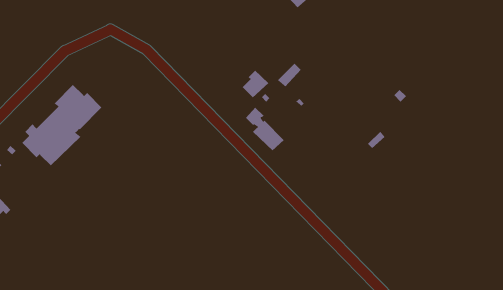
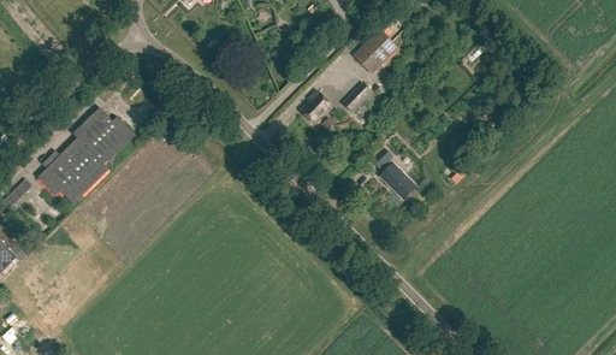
building: none -> [353,29,397,73]
building: [245,107,285,151] -> [369,147,416,200]

